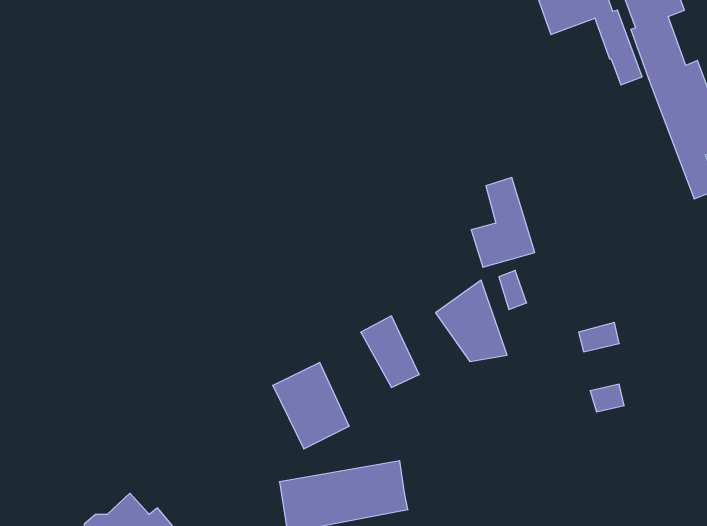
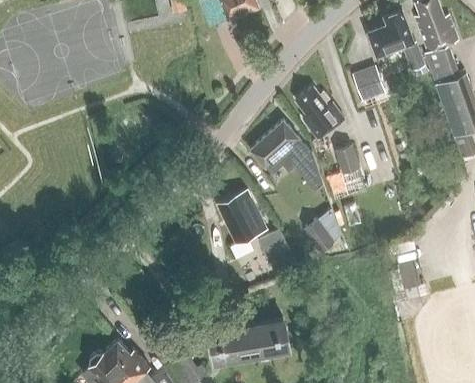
building: none -> [353,66,385,102]
building: none -> [295,87,345,140]
building: none -> [250,121,324,193]
building: [273,363,349,449] -> [217,190,264,243]

